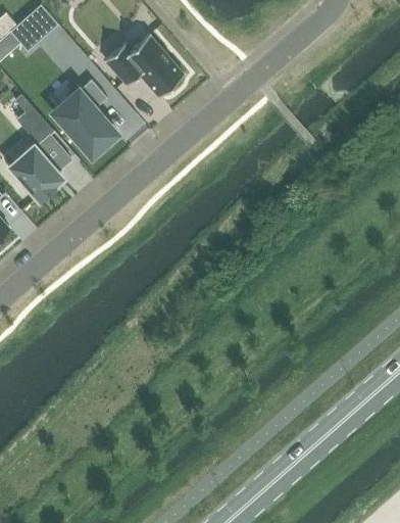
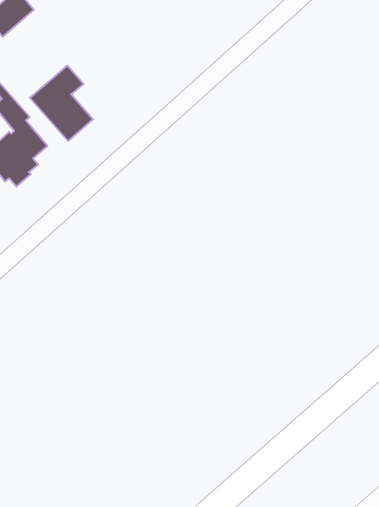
building: [106,35,185,96] -> none

